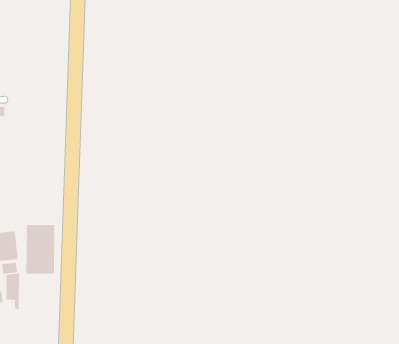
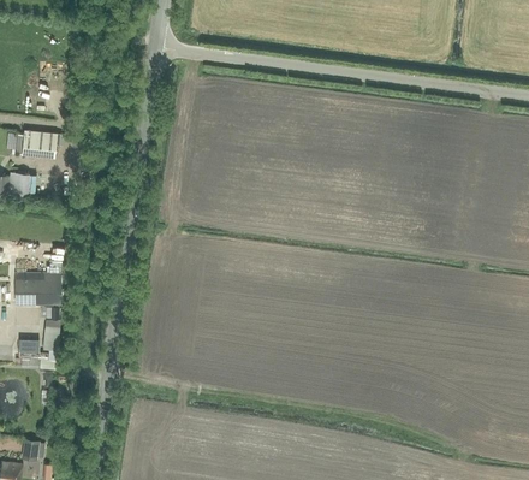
building: [26,224,55,275] -> none

